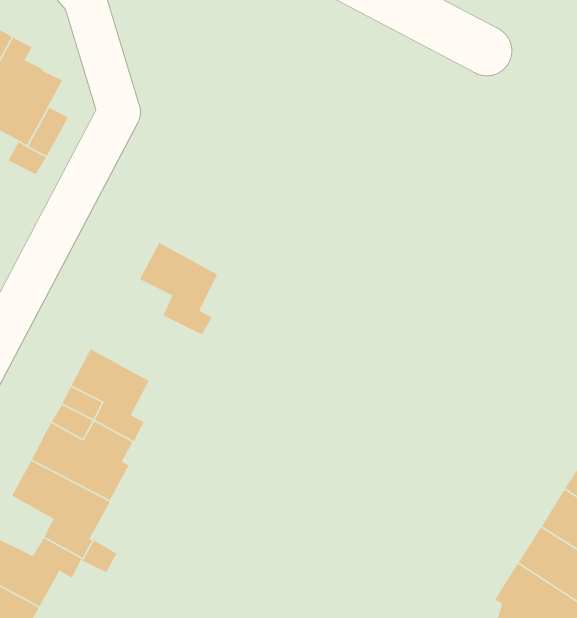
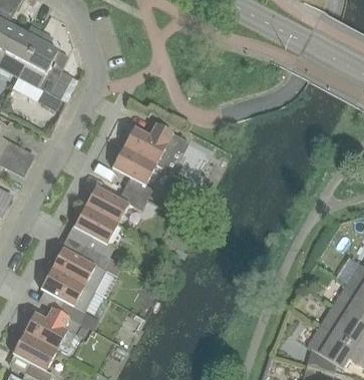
building: none -> [122,123,189,172]
building: none -> [84,185,146,224]

